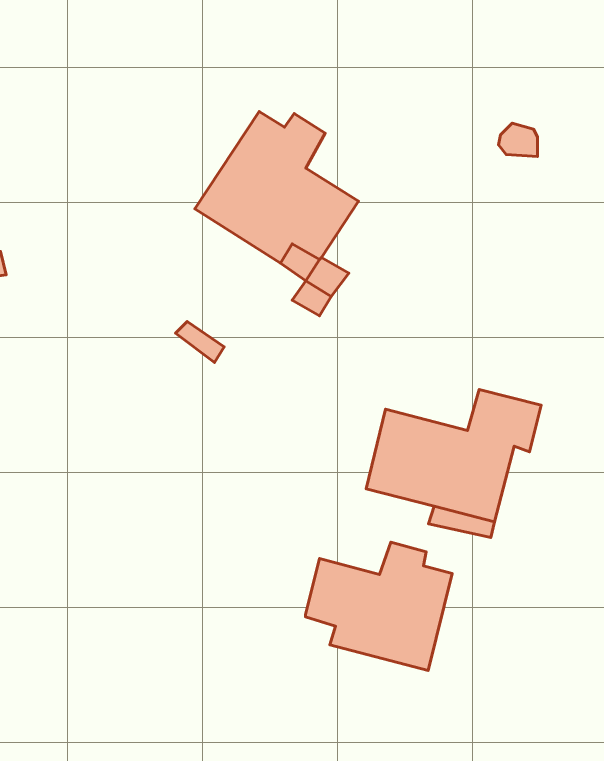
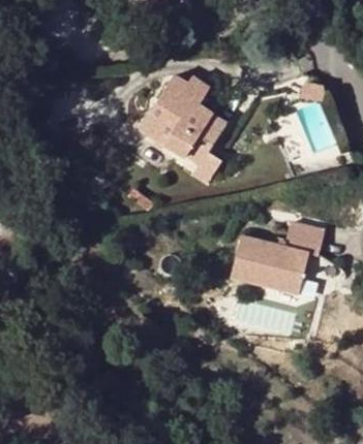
building: [305,542,452,670] -> none

